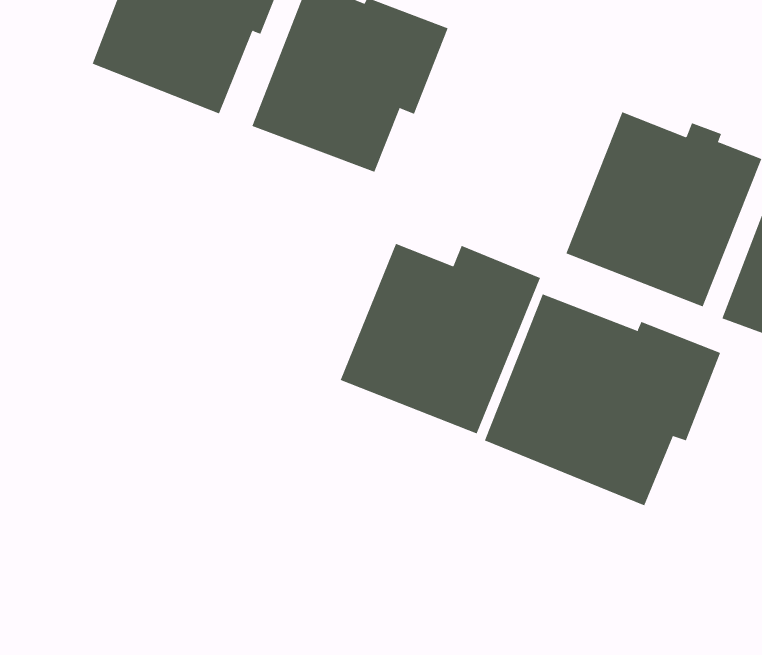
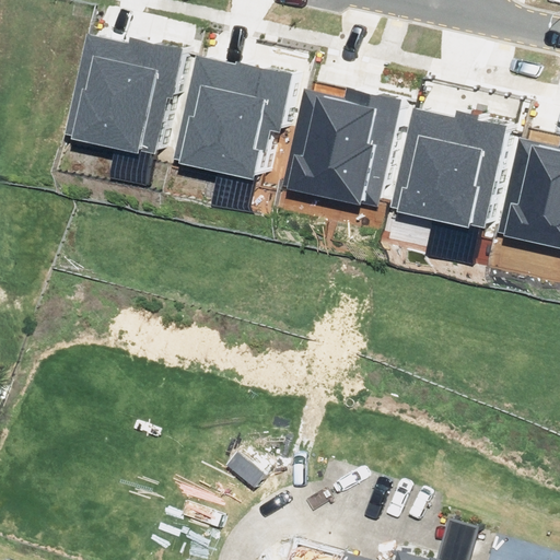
building: [340,243,541,434] -> [284,89,404,209]
building: [484,293,721,506] -> none

